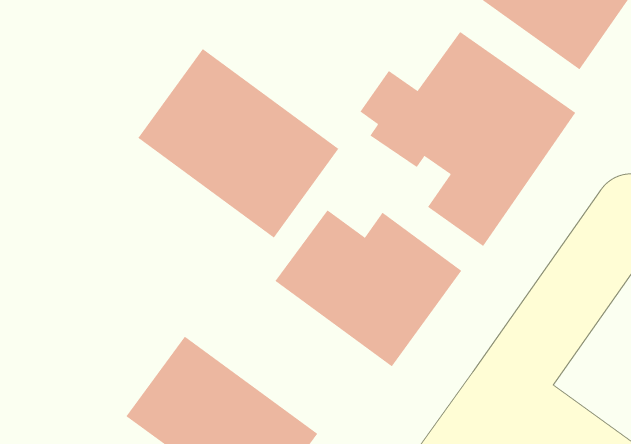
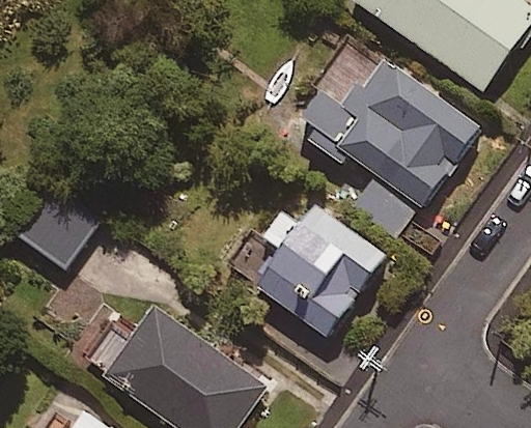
building: [137,48,339,238] -> none
building: none -> [17,187,99,267]

